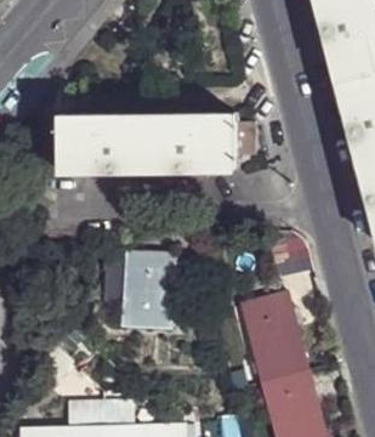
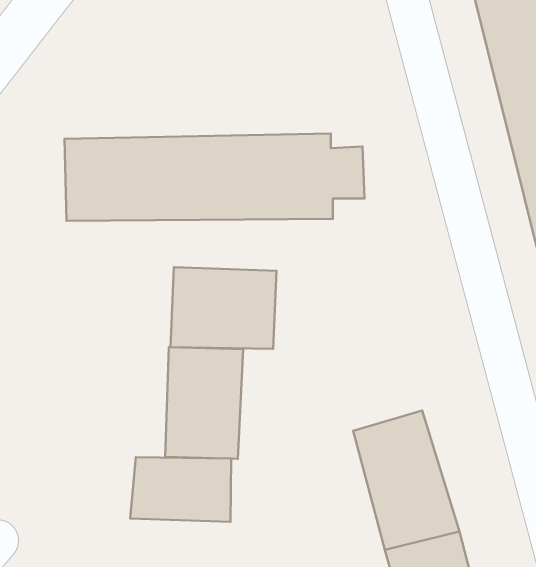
building: none -> [171,267,277,349]
building: none -> [130,457,231,522]

